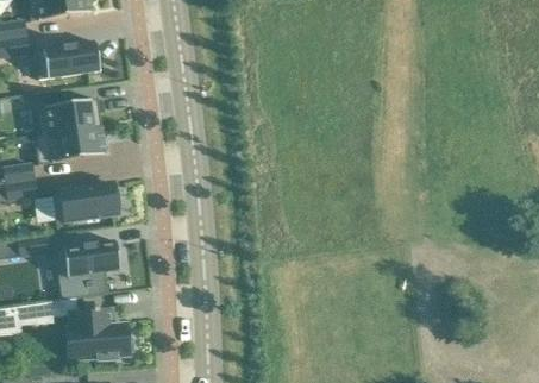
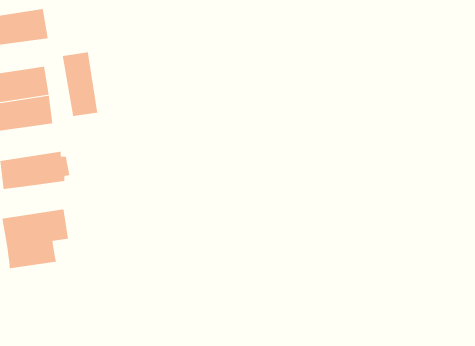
building: none -> [62,52,98,117]
building: [65,308,132,360] -> none

